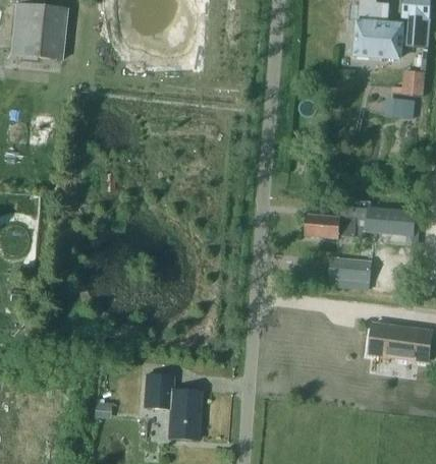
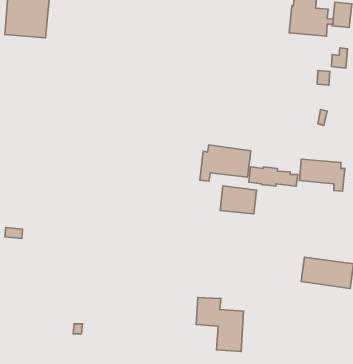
building: none -> [200,145,251,181]
building: [328,255,372,289] -> [220,186,256,214]
building: [142,373,199,439] -> [196,298,244,352]

